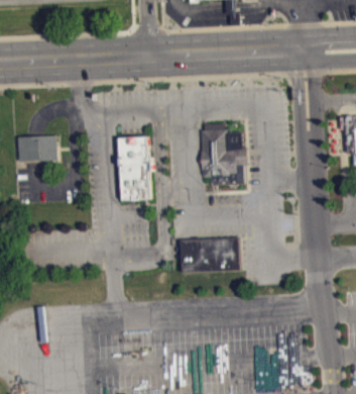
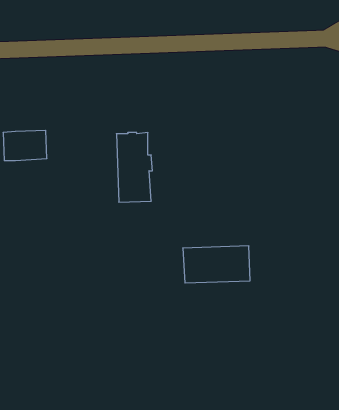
building: [200,124,246,185] -> none

